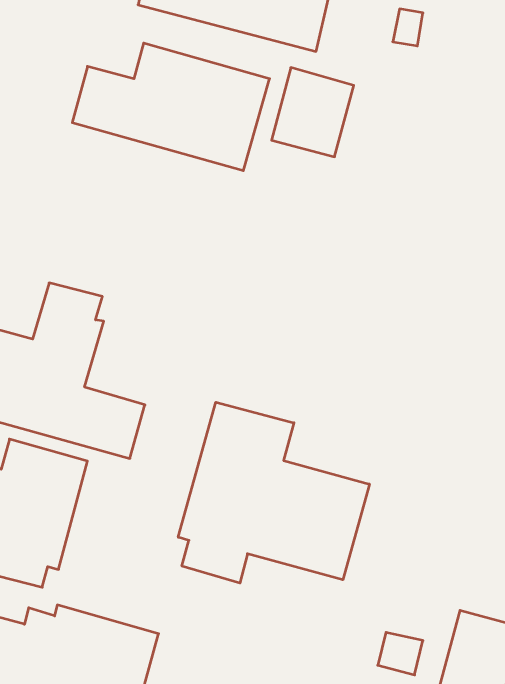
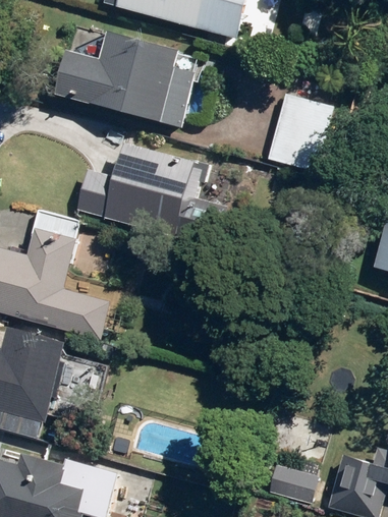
building: [272,68,354,157] -> [265,104,326,170]
building: none -> [76,142,224,249]
building: [178,402,369,583] -> none

